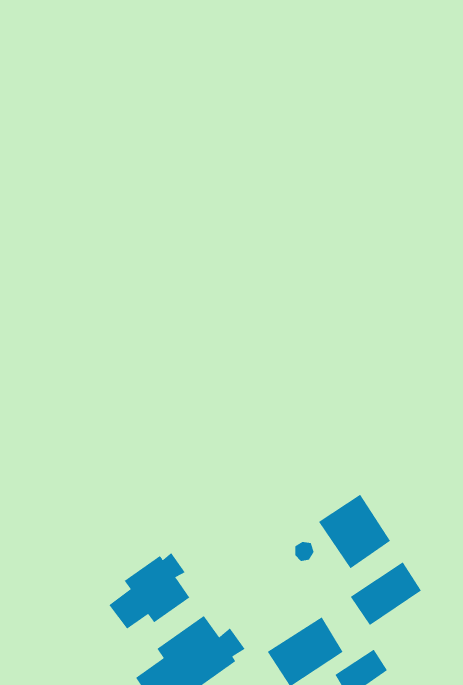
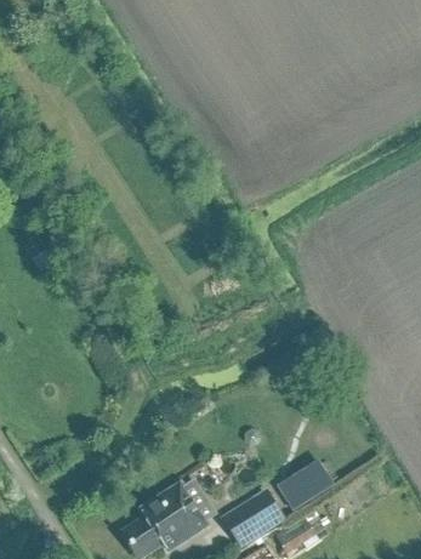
building: [318,494,391,569] -> none
building: [109,552,190,630] -> none

